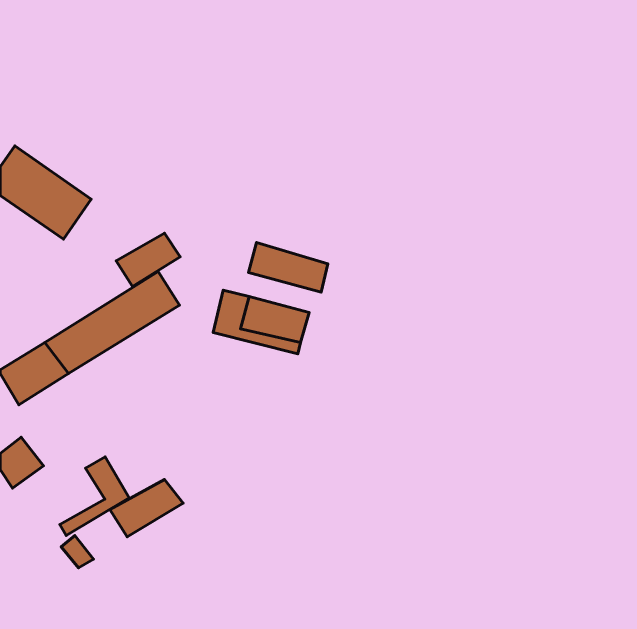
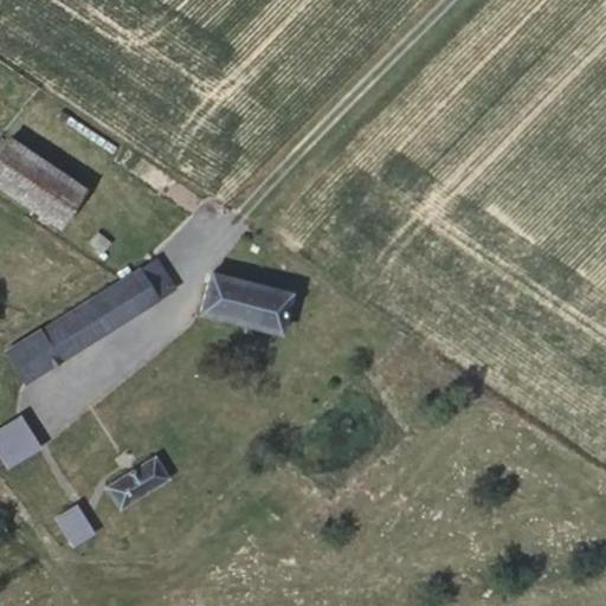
building: [116,233,180,287] -> none
building: [249,243,328,292] -> none
building: [60,457,129,536] -> none

